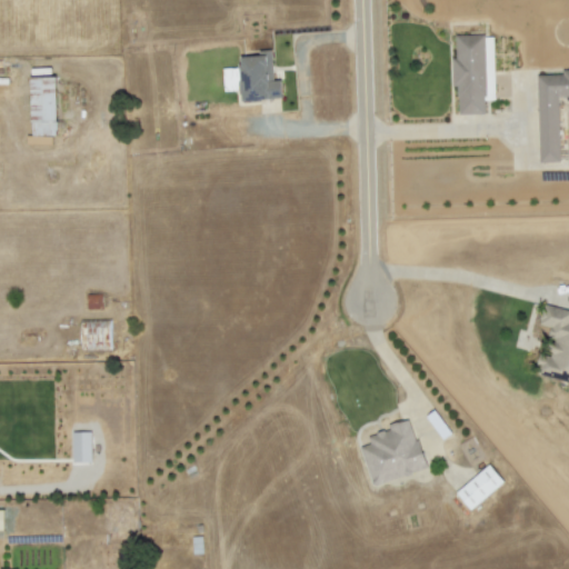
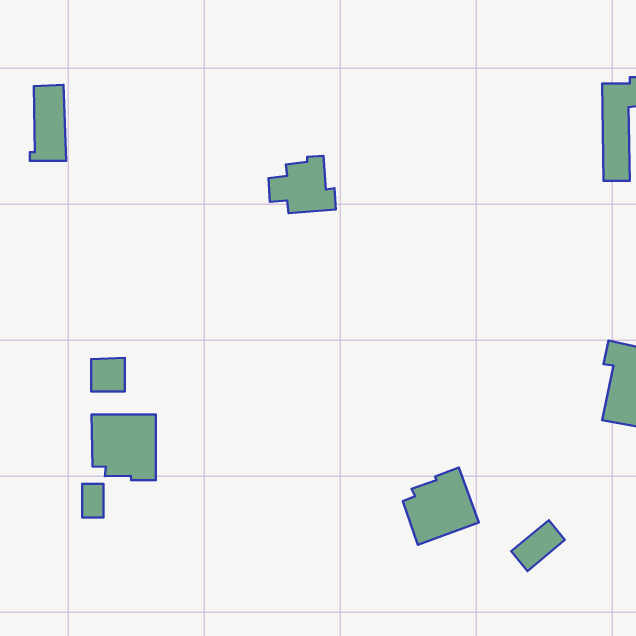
building: [455,33,497,113] -> none
building: [224,49,284,100] -> [268,156,336,213]
building: none -> [92,414,156,480]

